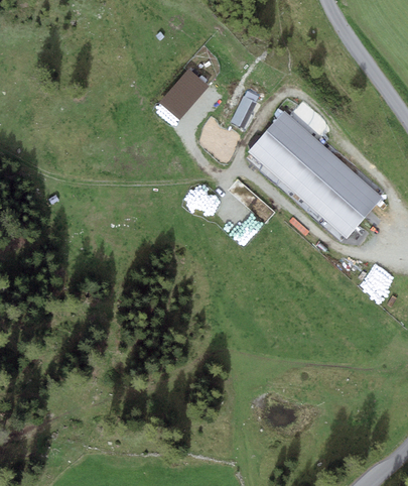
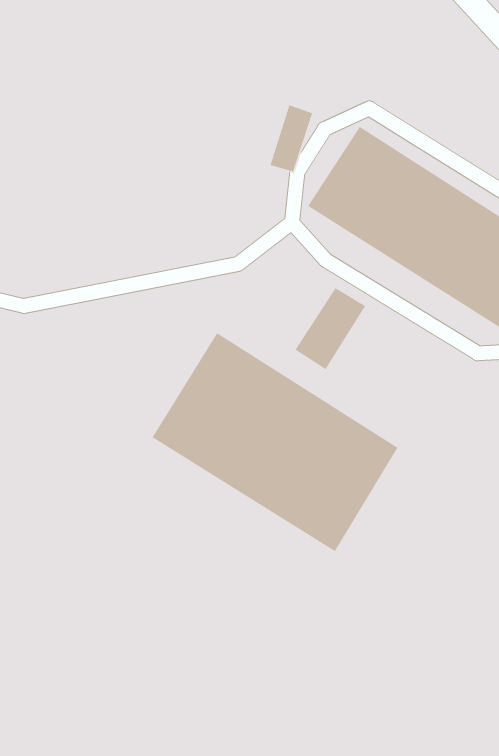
building: [158,69,209,120] -> none
building: none -> [152,332,399,552]

